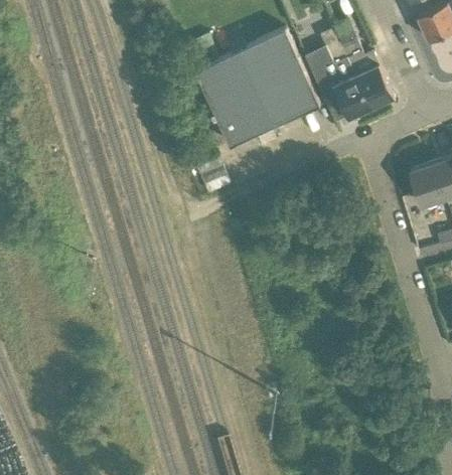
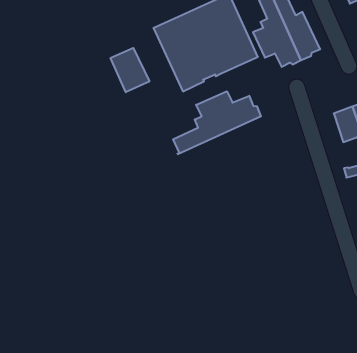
building: none -> [111,48,149,92]
building: none -> [173,91,261,154]

